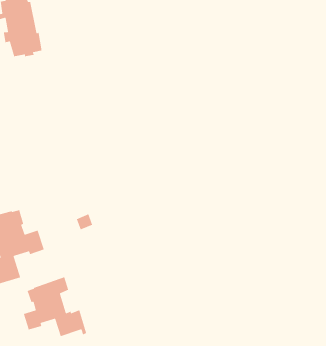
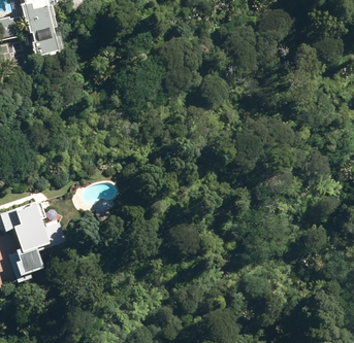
building: [23,276,87,337] -> none

